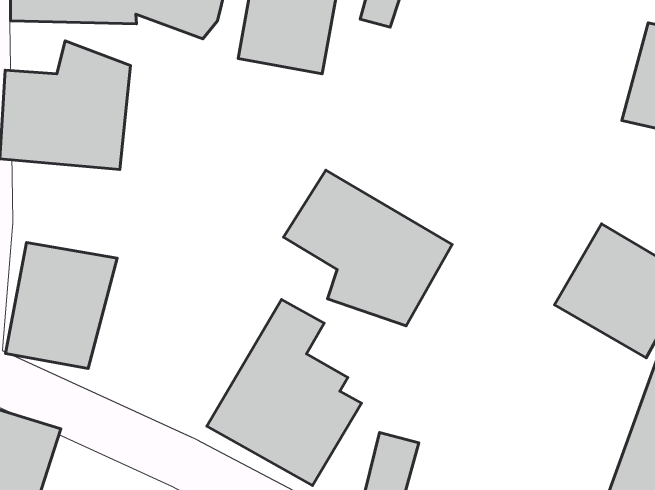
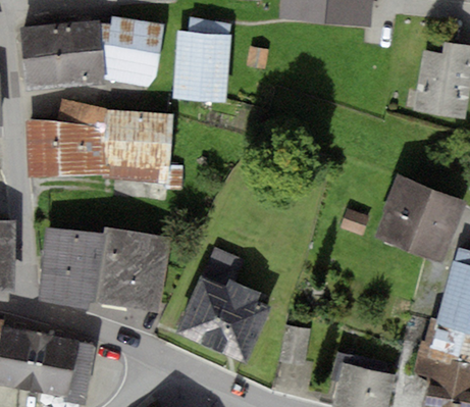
building: none -> [103,109,180,190]
building: [284,170,452,326] -> none
building: none -> [96,225,171,314]

